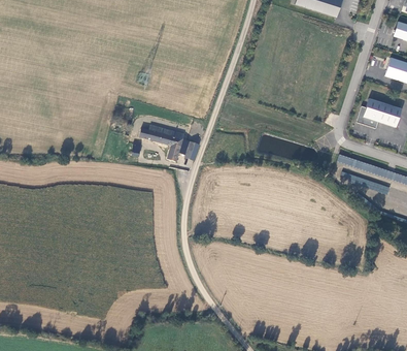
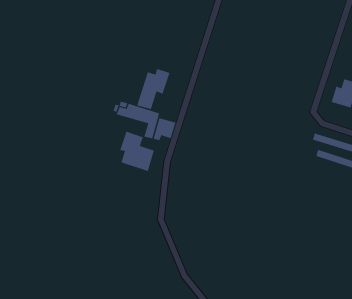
building: none -> [136,68,170,110]
building: none -> [120,131,155,172]

